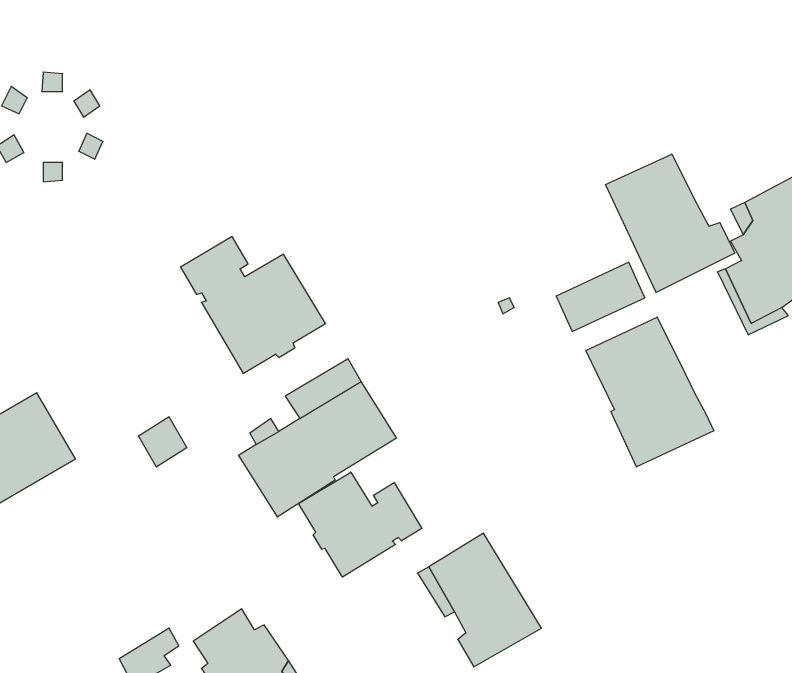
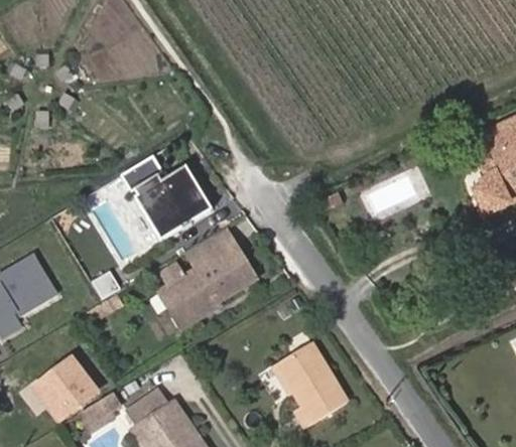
building: [606,154,735,293] -> none
building: [586,317,714,467] -> none
building: [298,472,422,577] -> none
building: none -> [25,346,99,419]

